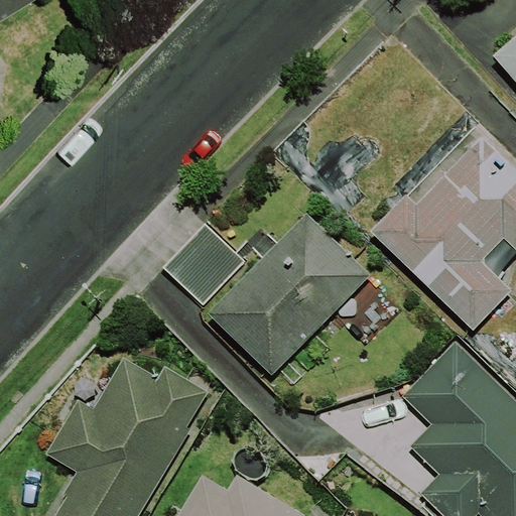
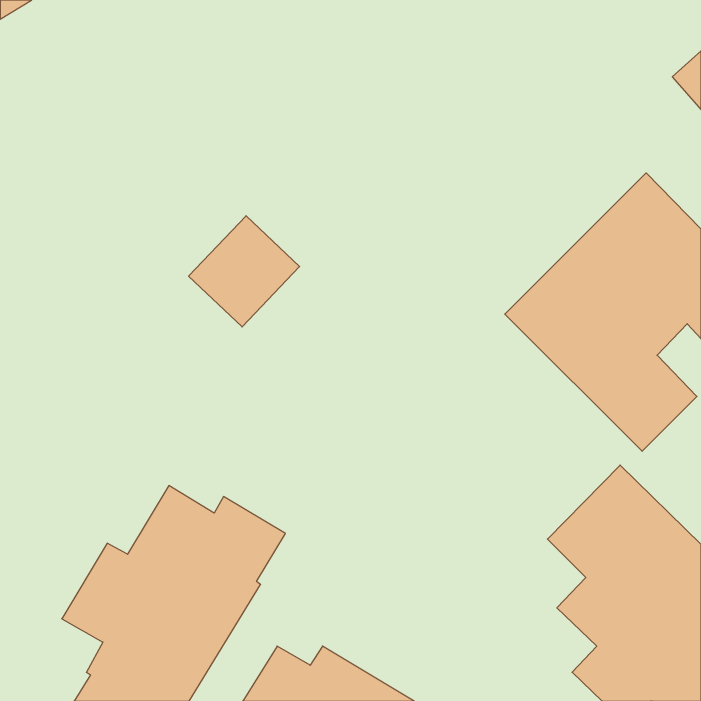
building: [209,213,372,376] -> none
building: [163,224,245,305] -> [189,216,300,327]

